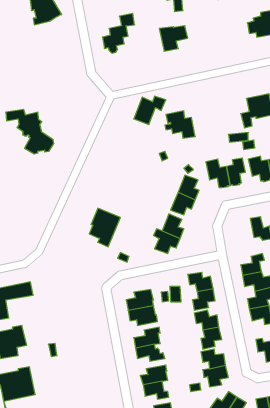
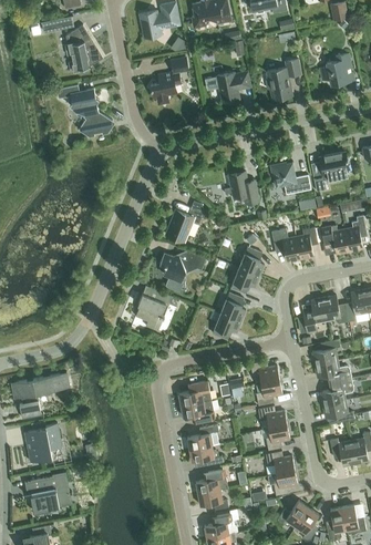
building: none -> [266,59,300,100]
building: [134,96,166,125] -> [166,208,204,241]
building: none -> [270,163,311,194]
building: [6,109,54,154] -> [56,85,113,137]
building: none -> [159,250,206,292]
building: none -> [302,298,328,332]

